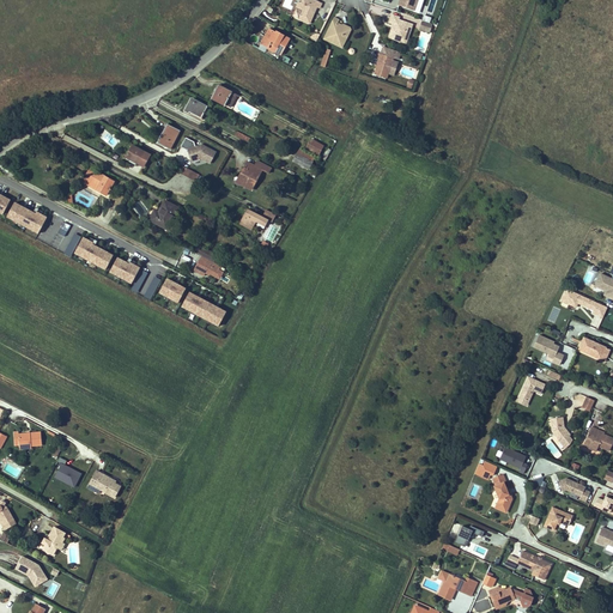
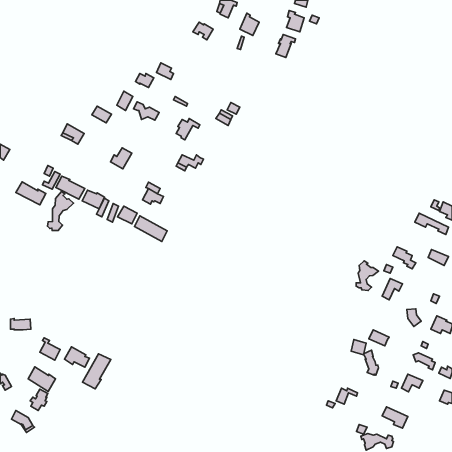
building: [8,205,49,236] -> [16,182,46,205]
building: none -> [47,192,74,230]
building: none -> [356,261,379,291]
building: none -> [83,354,111,389]
building: none -> [28,367,56,391]
building: [438,570,478,600] -> none

